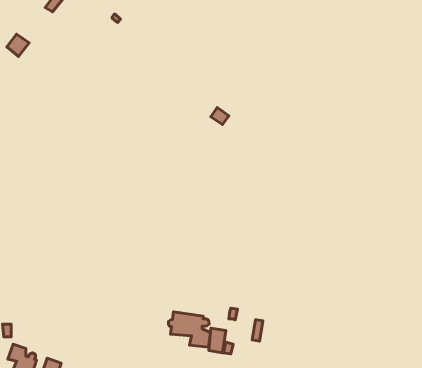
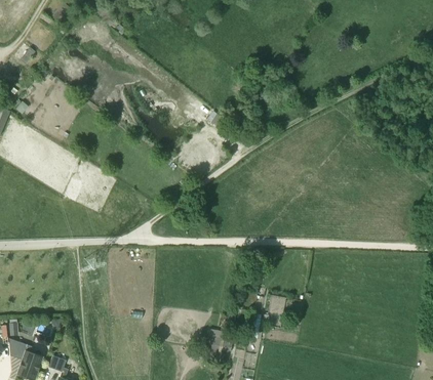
building: [169,312,210,347] -> none

